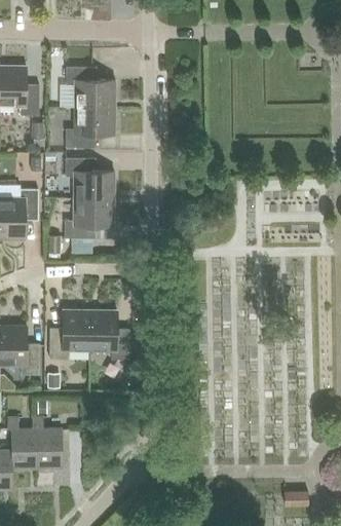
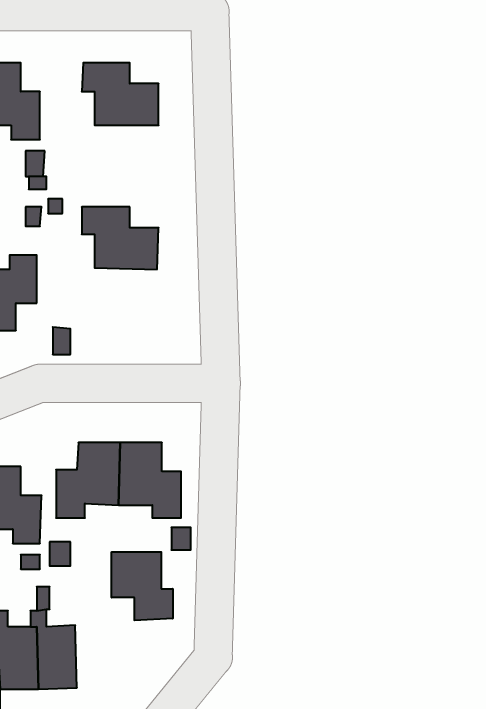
building: [66,106,115,146] -> none
building: [65,197,114,237] -> none
building: none -> [112,552,173,620]

